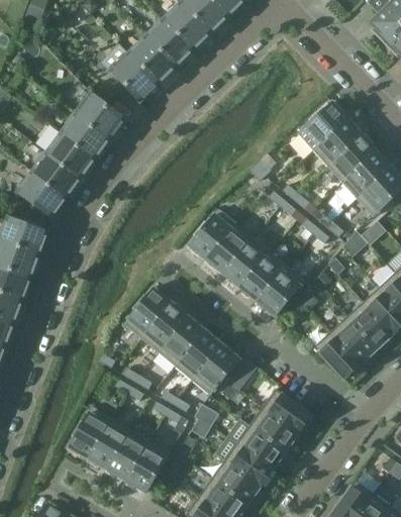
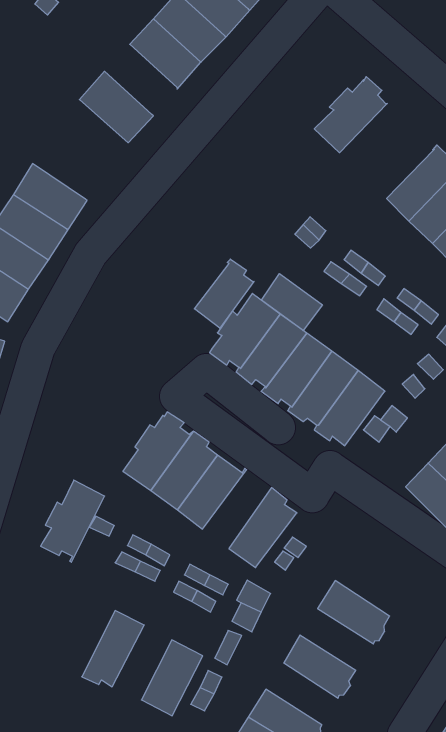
building: [127,35,176,85] -> none
building: [75,92,125,139] -> none
building: [297,100,347,150] -> [314,77,387,153]
building: none -> [194,259,254,328]
building: none -> [262,274,322,331]
building: [175,328,223,381] -> none
building: [263,389,311,433] -> none
building: [67,406,112,461] -> [41,480,105,562]
building: [236,425,286,469] -> none
building: [107,429,149,480] -> none
building: [211,460,260,504] -> none

